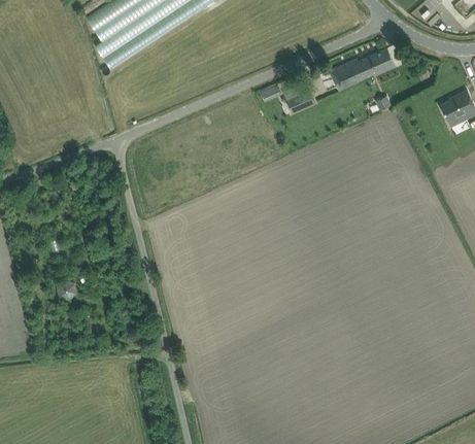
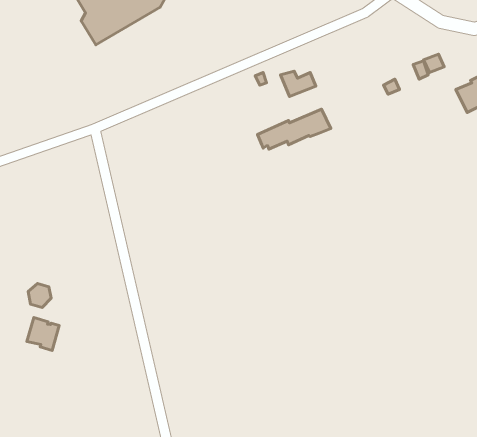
building: [329,49,395,86] -> [257,109,331,149]
building: none -> [27,318,59,351]

